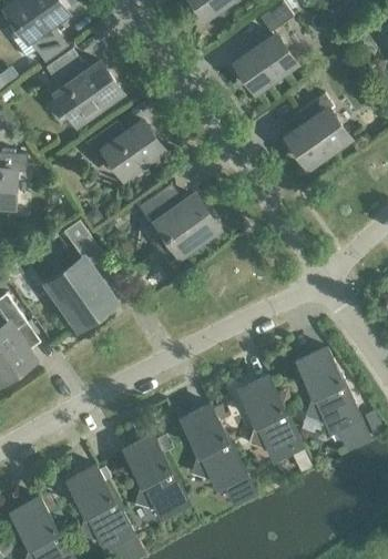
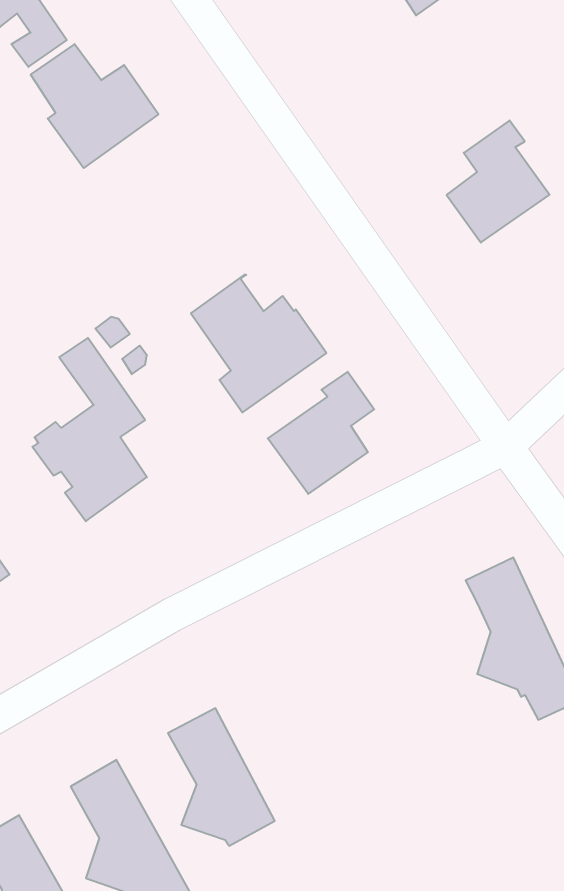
building: [235,35,294,91] -> none
building: [84,121,161,176] -> none
building: none -> [268,372,374,494]
building: [241,377,300,457] -> none
building: [183,406,252,499] -> none

